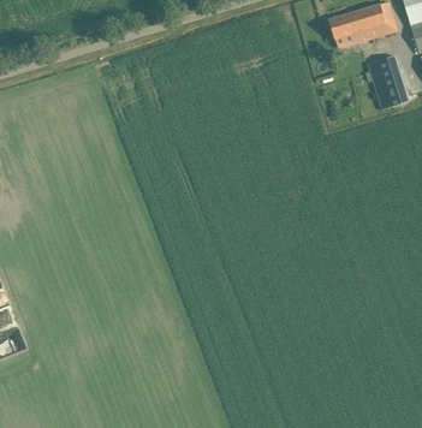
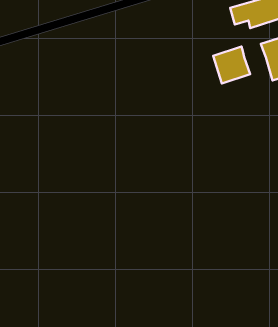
building: none -> [213,47,250,83]

